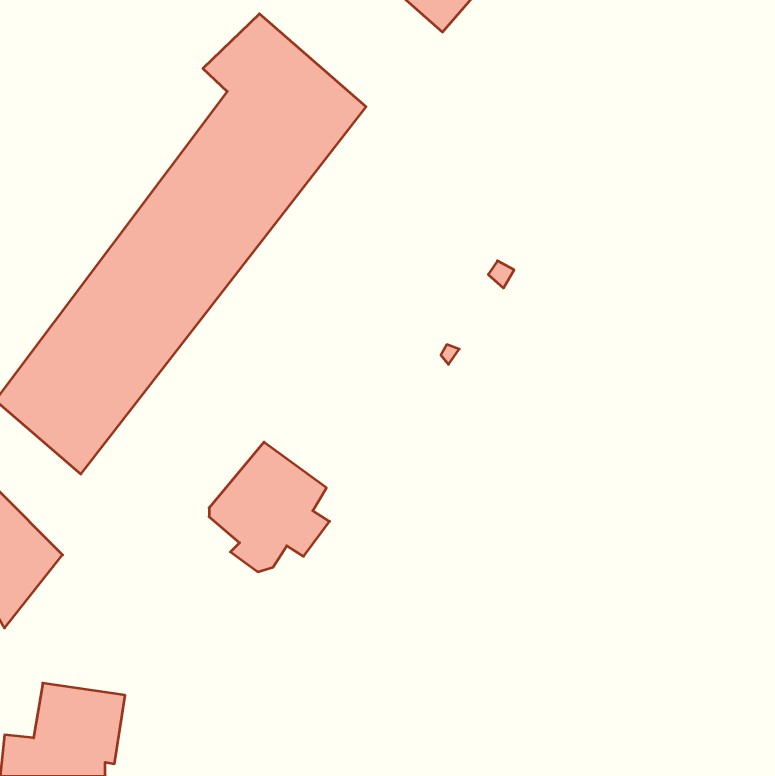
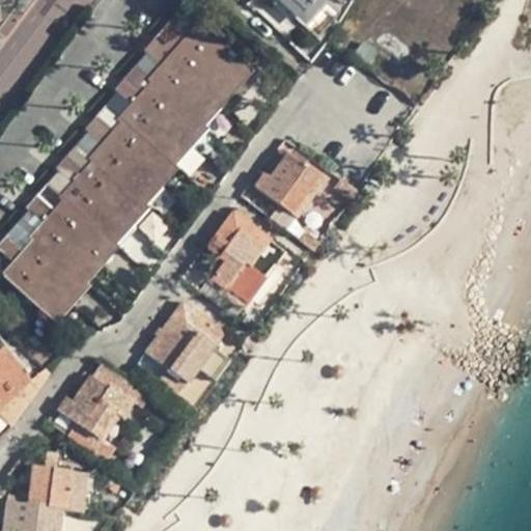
building: none -> [251,149,320,218]
building: none -> [200,217,283,305]
building: none -> [56,362,139,459]

